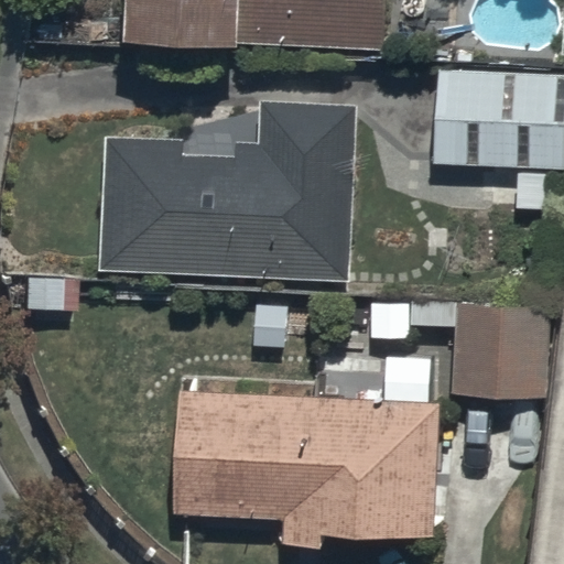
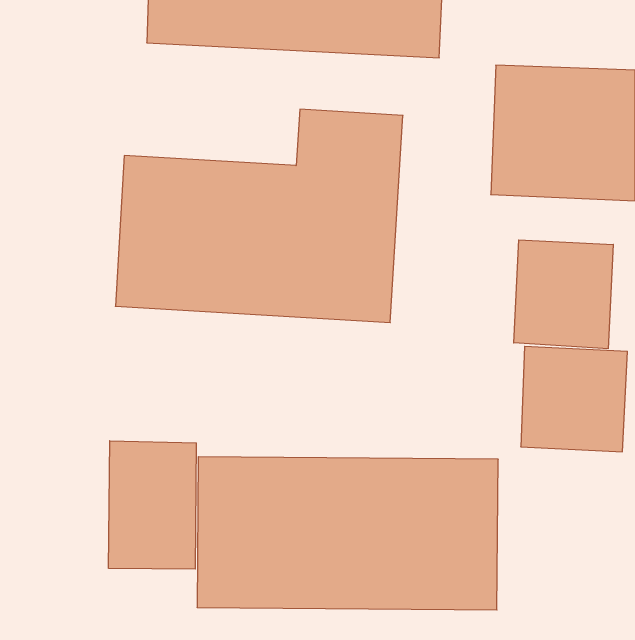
building: none -> [514,240,613,349]
building: none -> [109,441,196,569]

